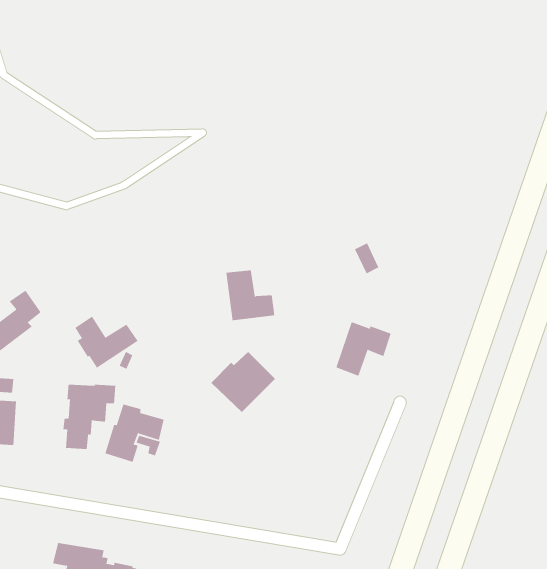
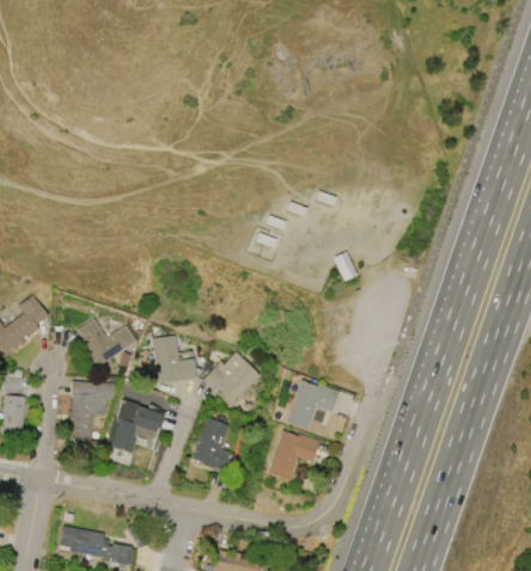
building: [225,270,275,321] -> [152,336,197,382]
building: [335,322,392,377] -> [286,380,337,430]
building: none -> [193,417,237,473]
building: none -> [267,430,319,479]

